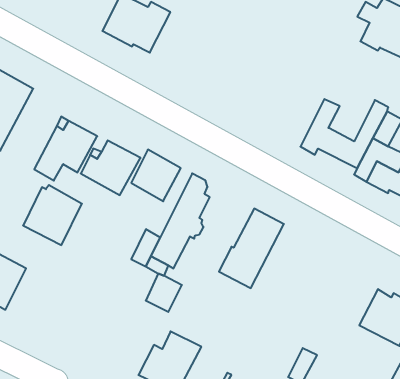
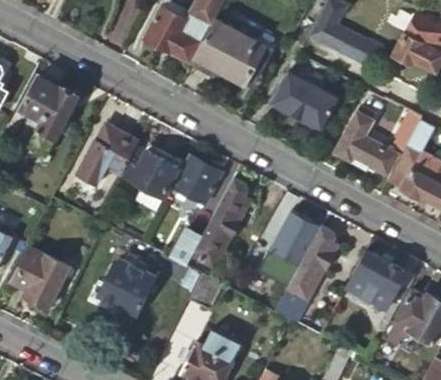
building: none -> [307,18,377,67]
building: none -> [193,19,272,81]
building: none -> [271,69,339,129]
building: [23,185,82,245] -> [99,260,156,318]
building: none -> [275,226,335,324]
building: none -> [344,249,407,315]

